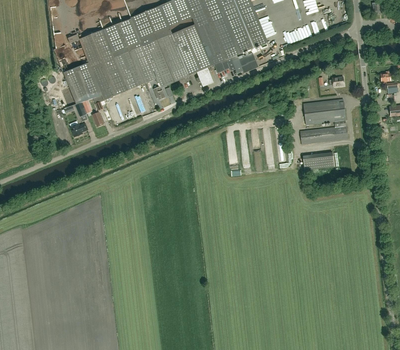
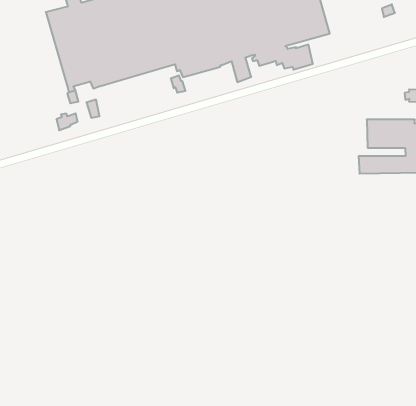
building: [302,152,333,169] -> none

